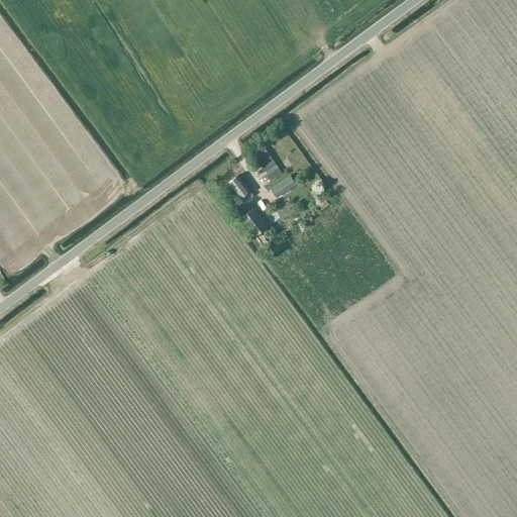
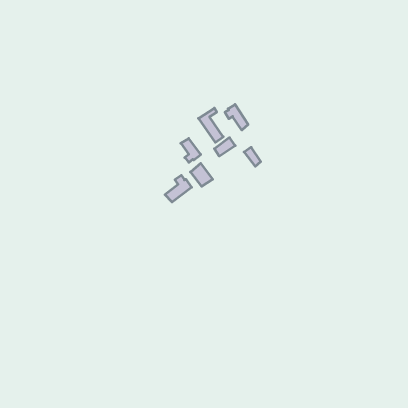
building: none -> [225,104,248,130]
building: none -> [165,175,192,202]

